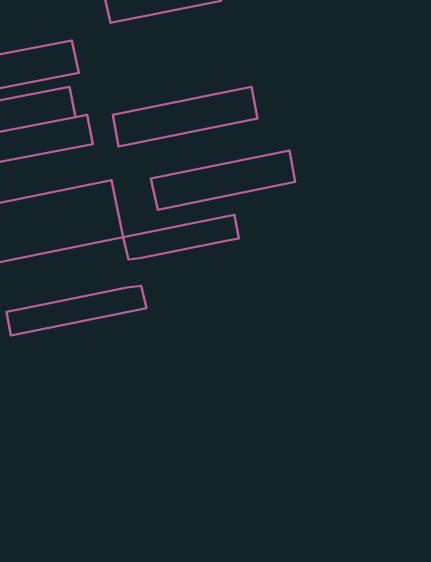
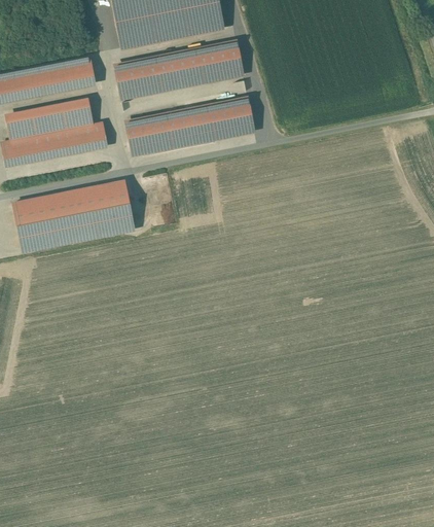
building: [151,151,295,210] -> [114,42,242,95]
building: [123,215,239,260] -> none
building: [6,286,147,335] -> none

